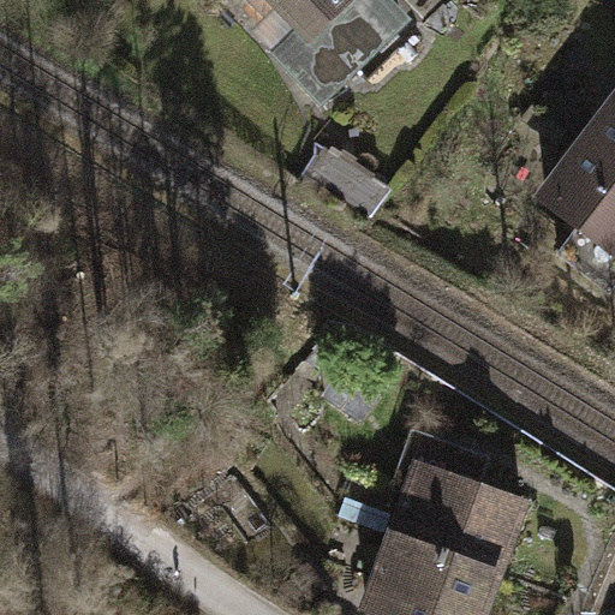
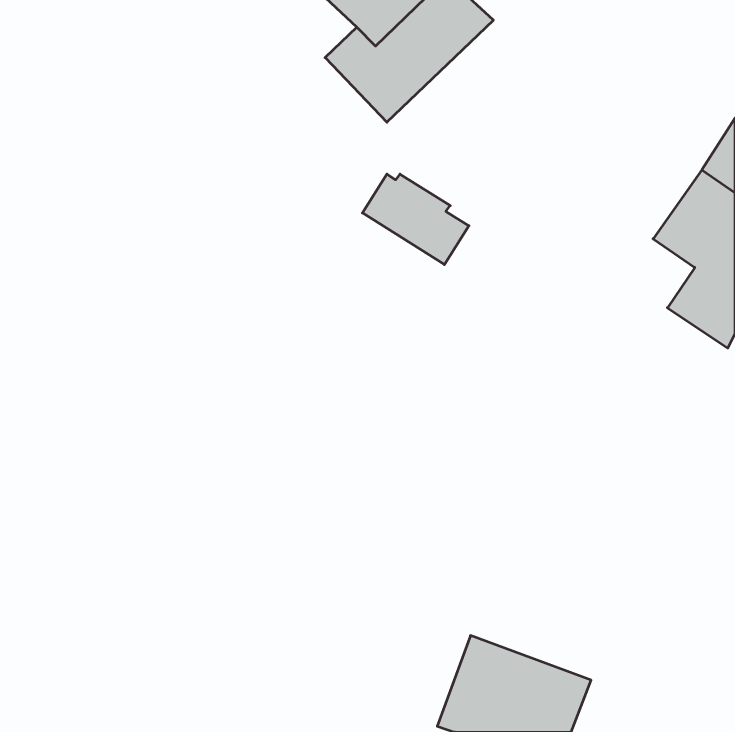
building: [393,435,519,568] -> none

